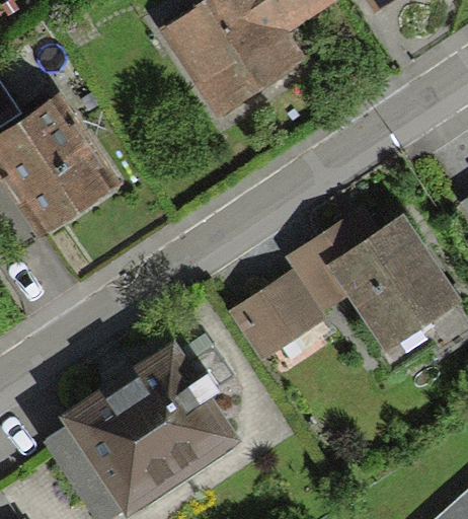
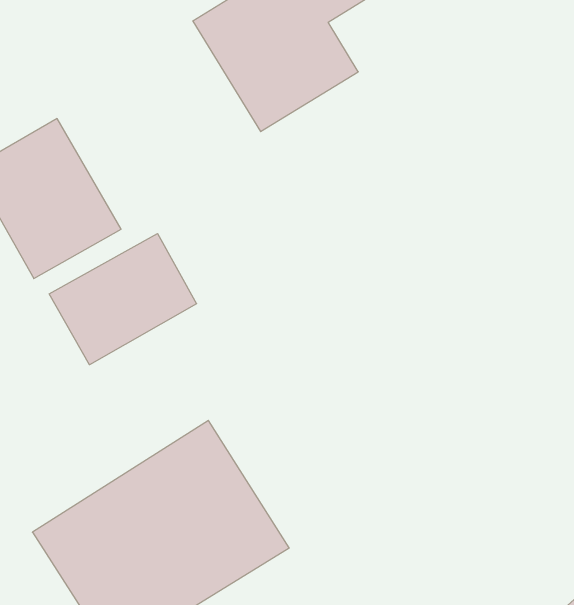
building: none -> [49,234,197,365]
building: [233,226,457,355] -> none

